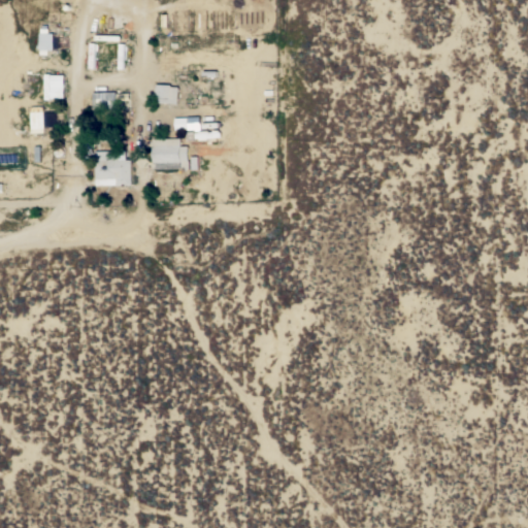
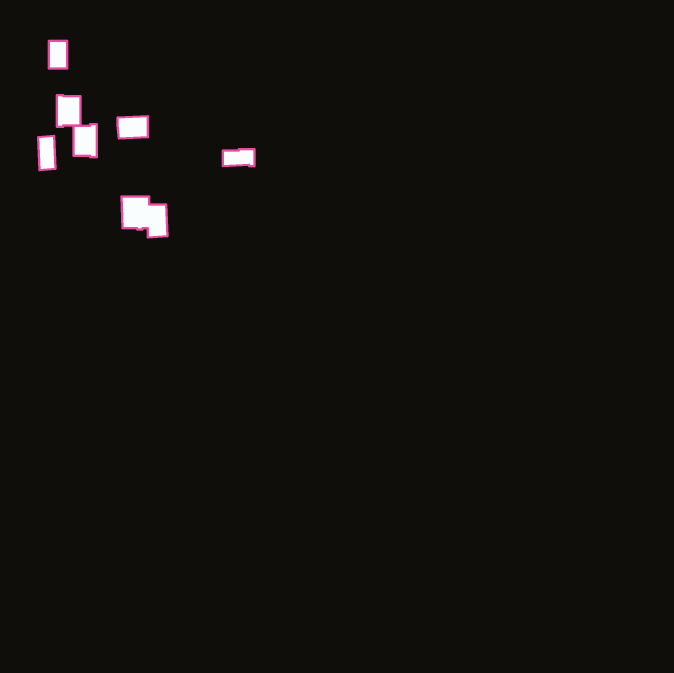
building: [156,86,178,104] -> none
building: none -> [73,124,97,157]
building: [153,139,189,172] -> none

